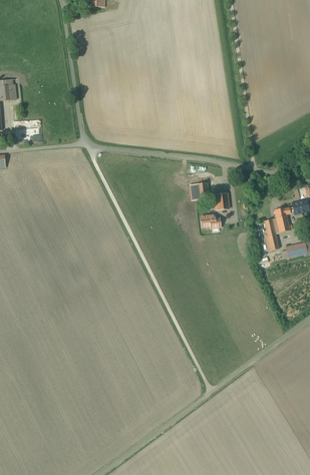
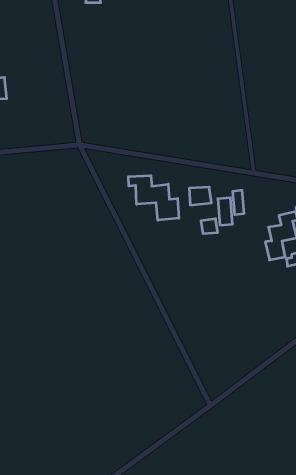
building: none -> [128,176,179,220]

